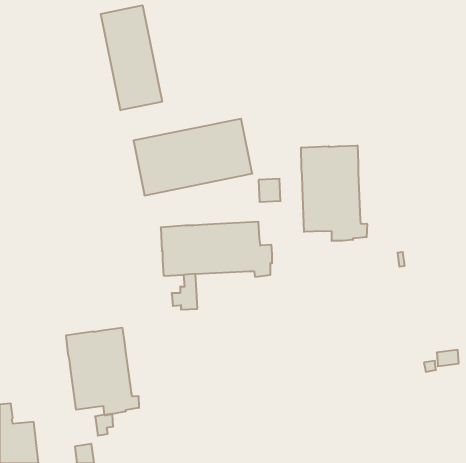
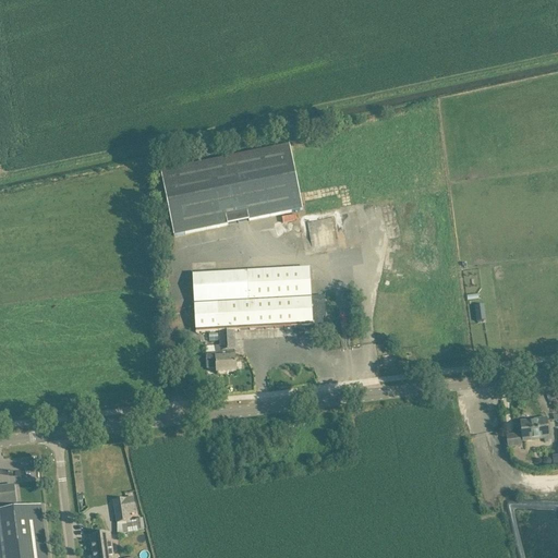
building: [101,5,162,110] -> none
building: [301,145,367,241] -> none
building: [66,328,139,415] -> none

